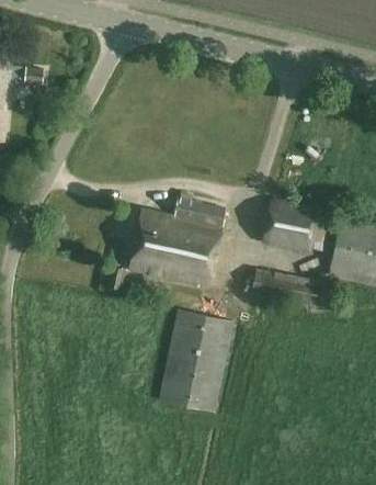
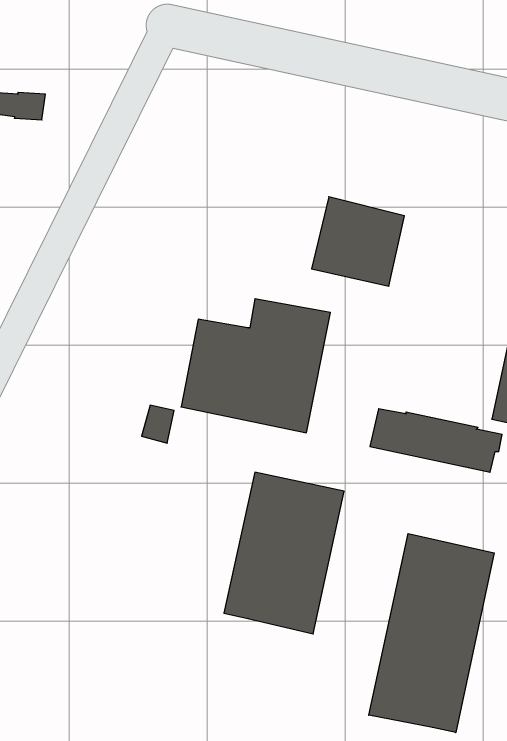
building: [261,199,320,256] -> [312,197,404,286]
building: none -> [369,534,494,733]

